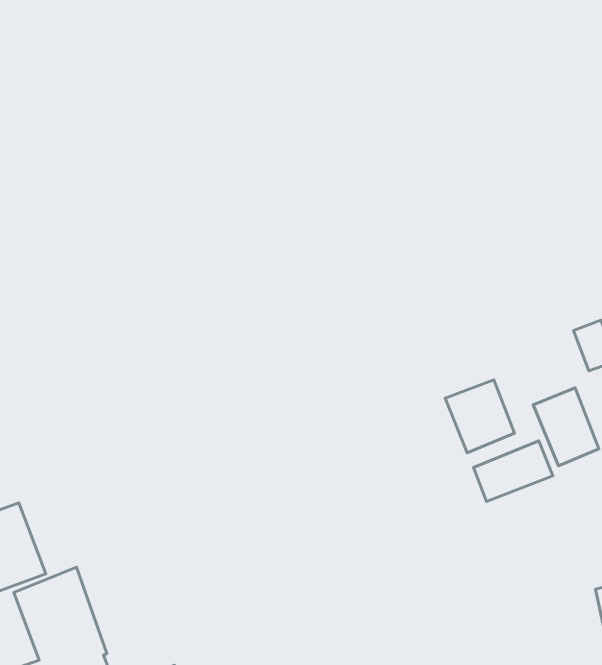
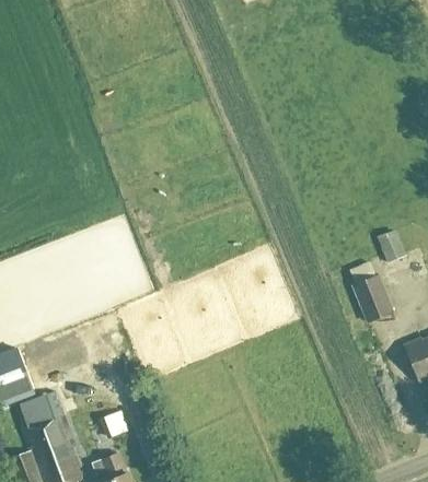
building: [445,380,514,453] -> none
building: [474,441,553,502] -> none

